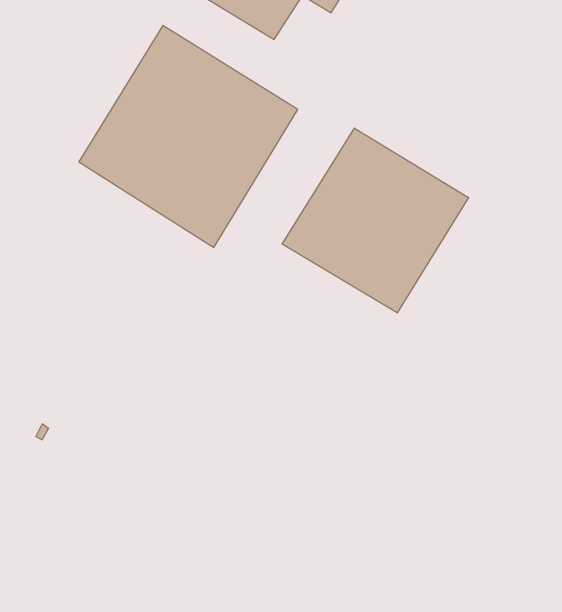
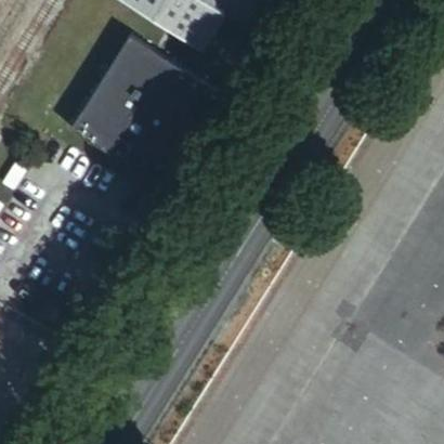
building: [282,128,469,313] -> none

